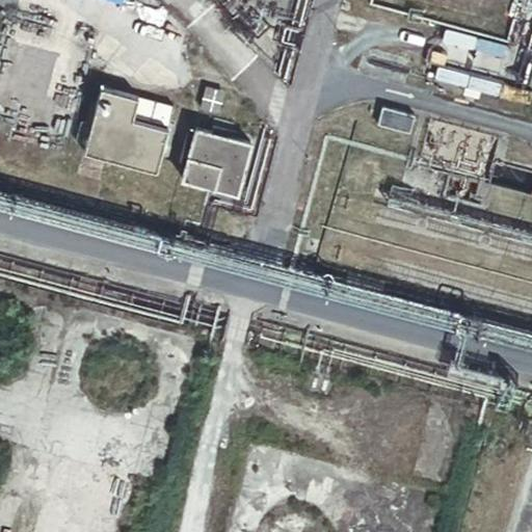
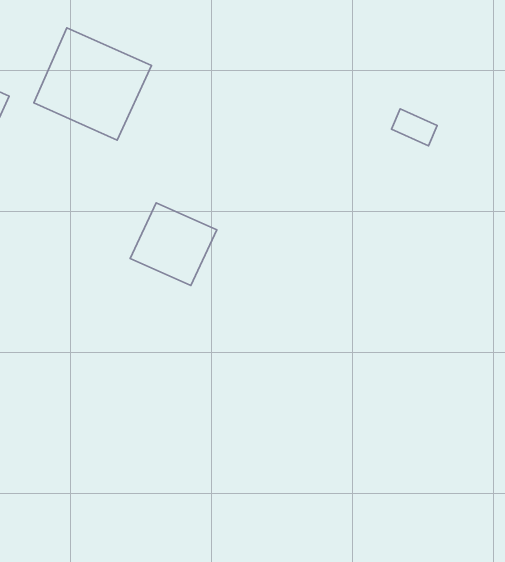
building: [183,132,249,194] -> [130,203,217,286]

